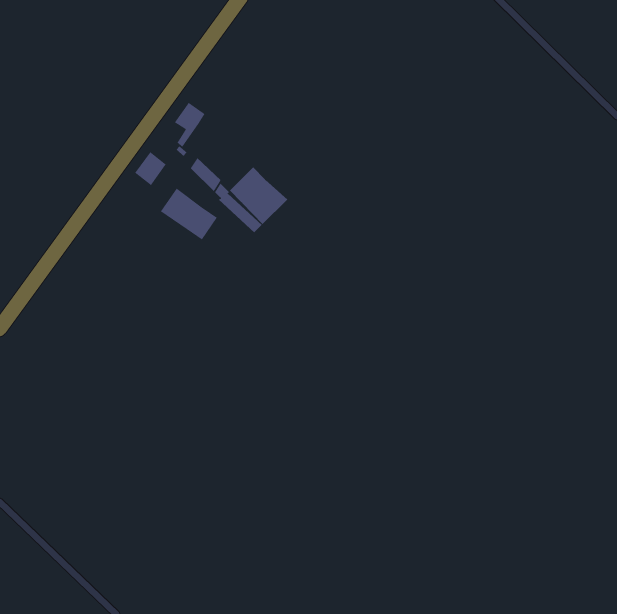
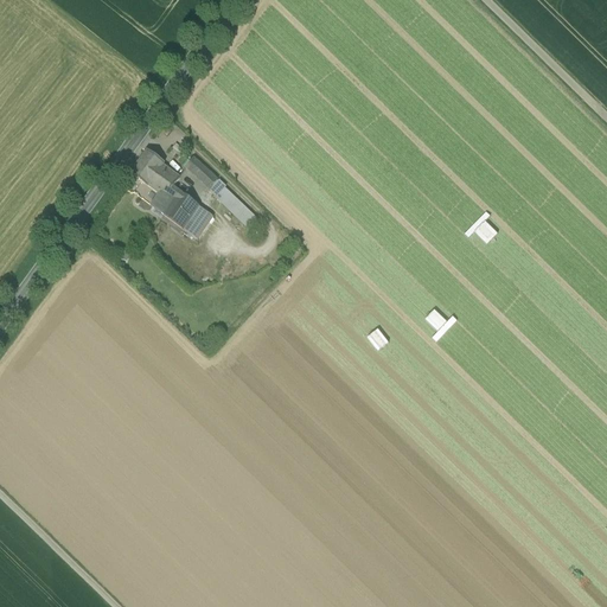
building: [174,102,205,148] -> [148,162,179,207]
building: [229,167,288,225] -> none

